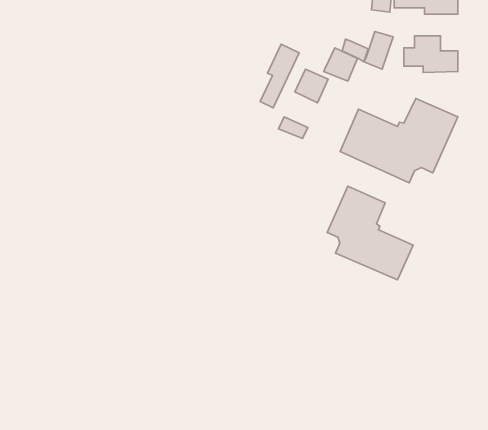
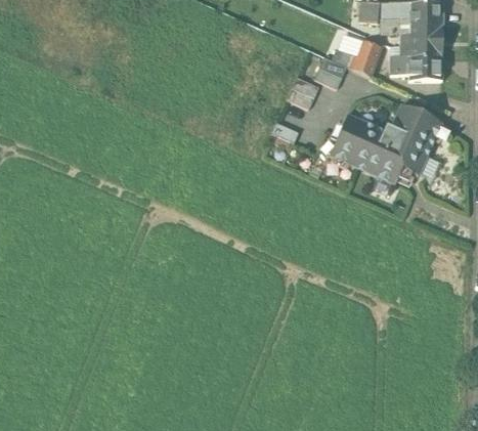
building: none -> [382,18,442,59]
building: [260,44,299,108] -> none
building: [327,186,413,280] -> none

